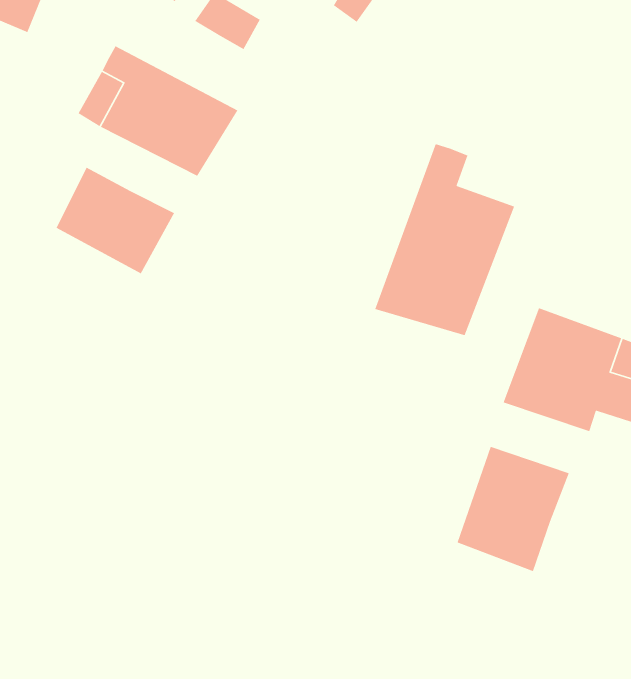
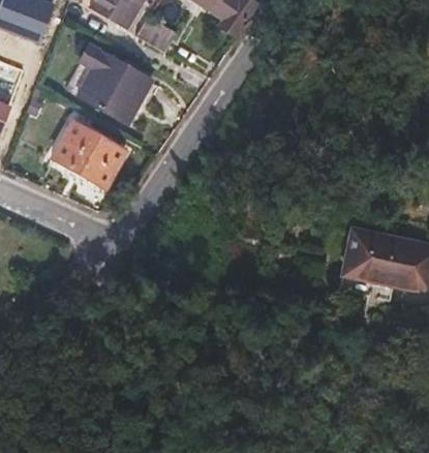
building: [374,143,515,336] -> none
building: [457,446,570,572] -> none

